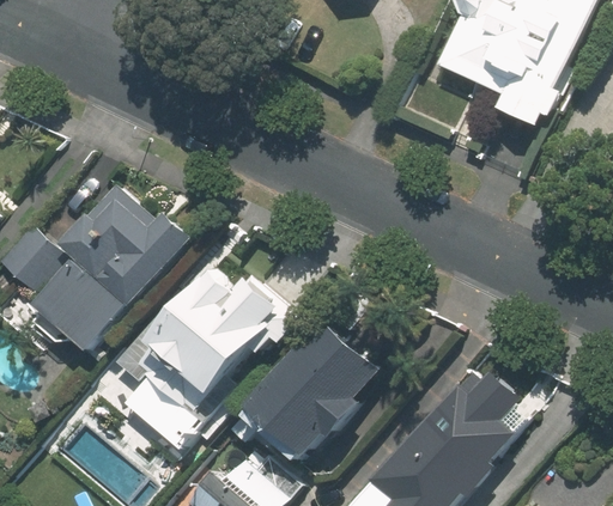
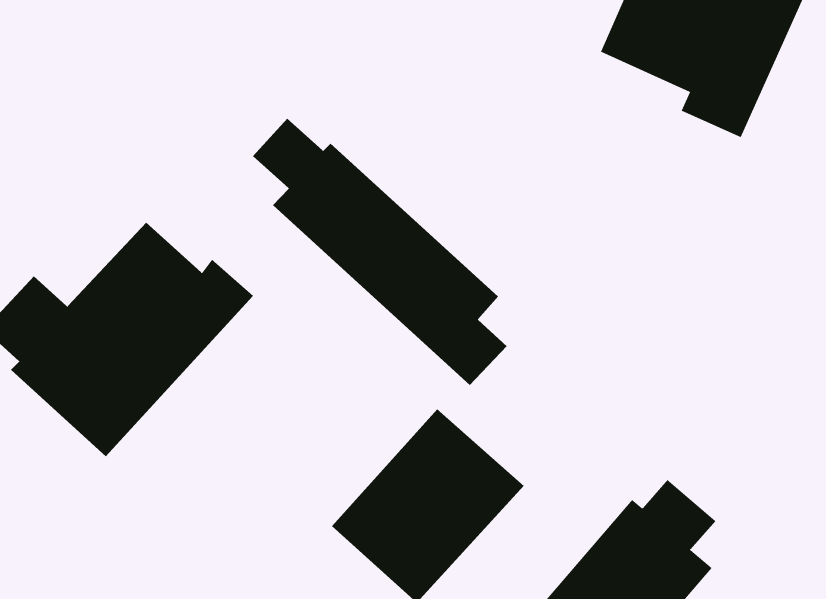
building: none -> [252,118,507,386]
building: [122,273,291,423] -> none

